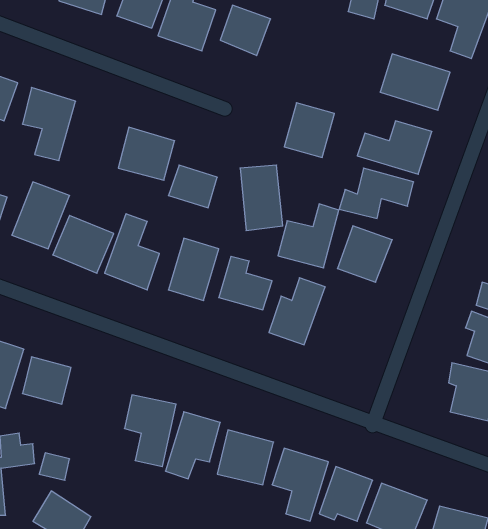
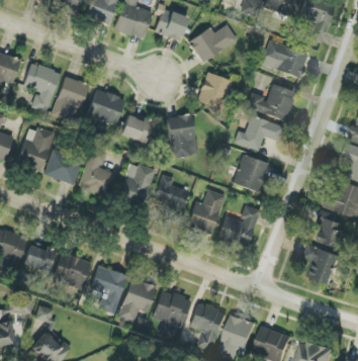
building: none -> [187,24,236,63]
building: none -> [51,76,87,119]
building: [278,204,339,268] -> [216,205,257,248]
building: none -> [51,252,89,289]

